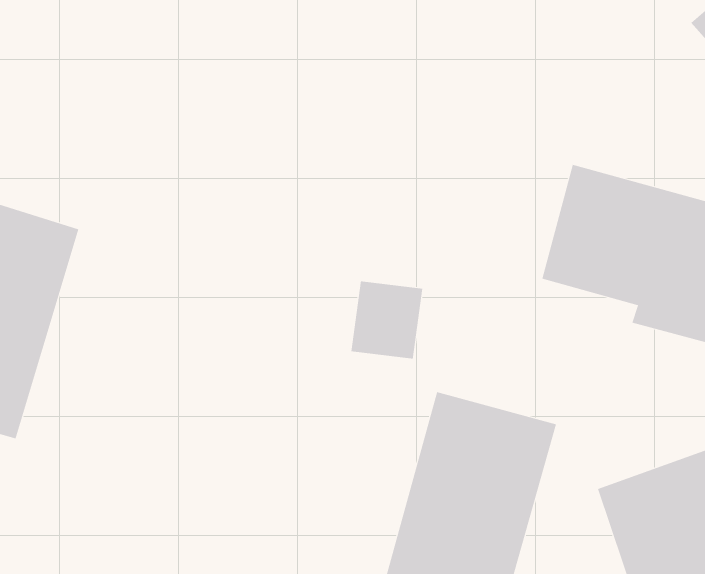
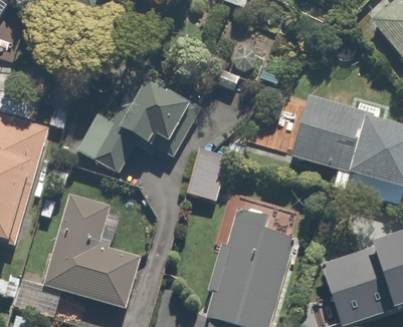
building: none -> [79,75,191,171]
building: none -> [42,196,137,306]

